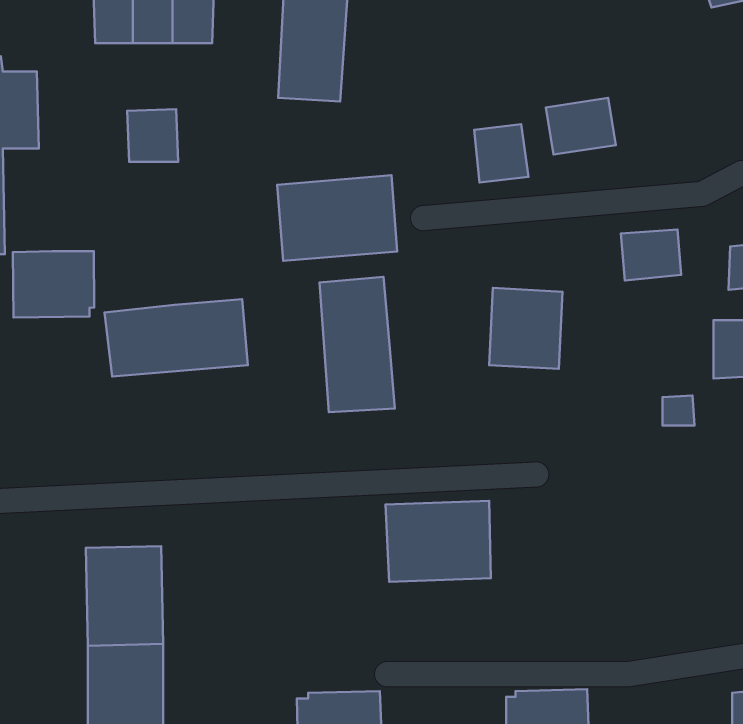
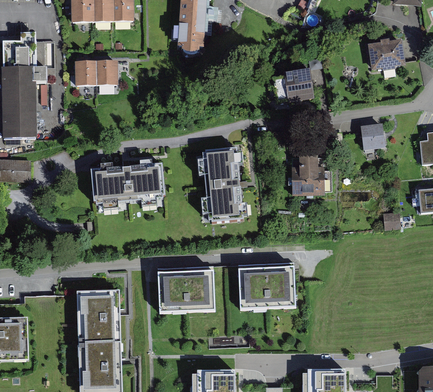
building: [546,98,616,154] -> [366,36,403,66]
building: none -> [79,59,101,87]
building: [277,175,397,261] -> none
building: [13,251,94,318] -> none
building: none -> [157,269,213,313]

